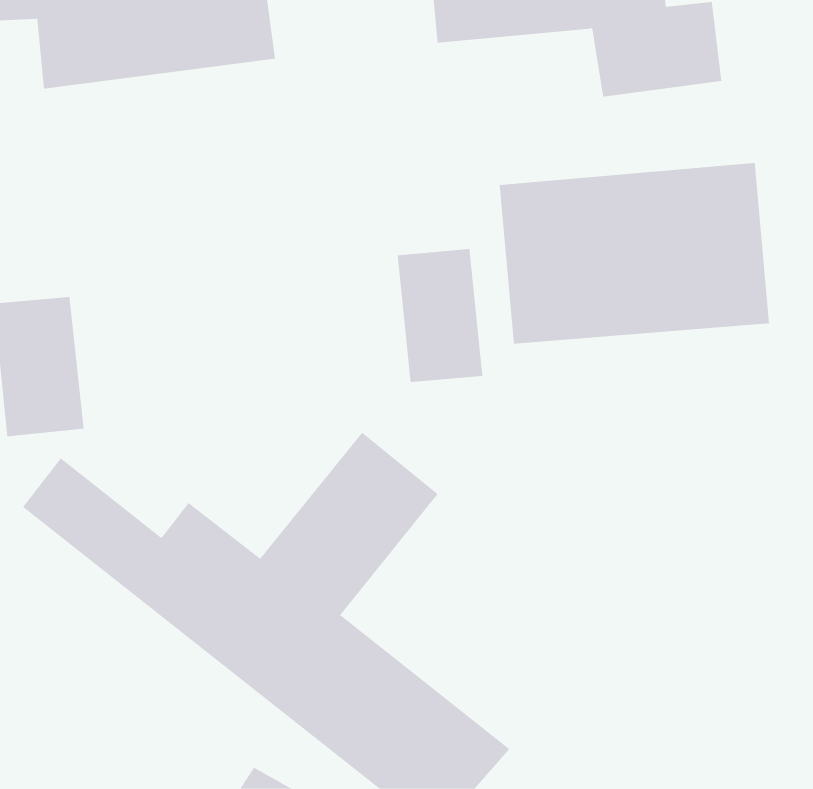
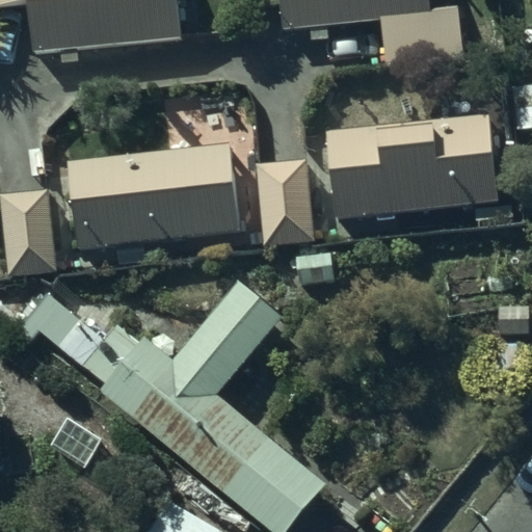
building: none -> [61,140,243,255]

